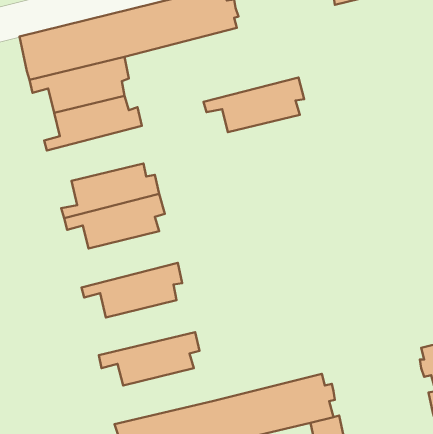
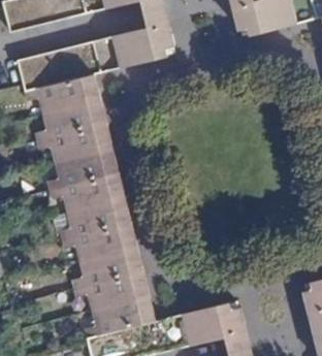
building: [204,77,304,132] -> [37,124,109,163]
building: none -> [60,199,131,239]
building: none -> [72,249,143,288]
building: none -> [84,297,156,337]

